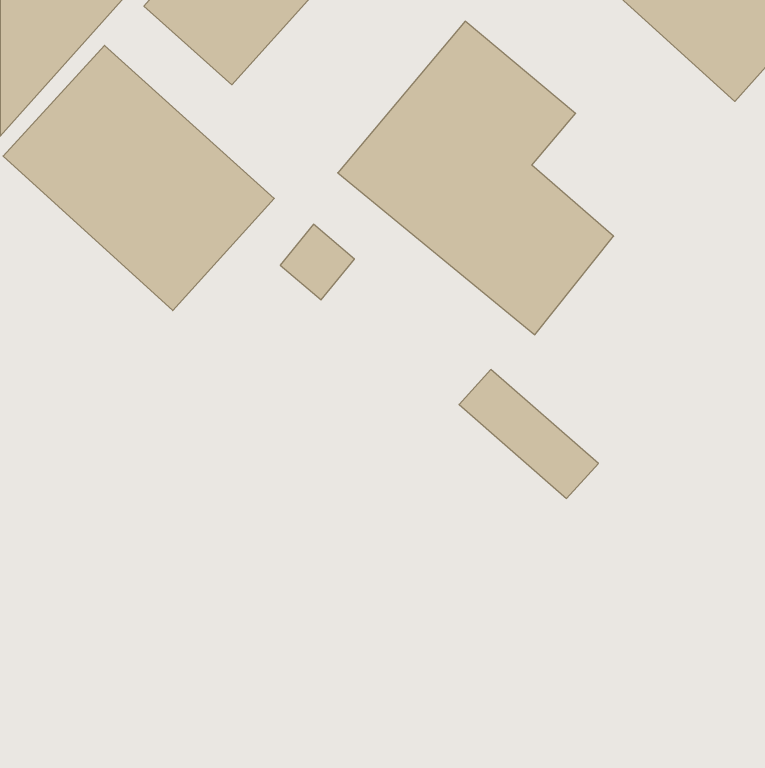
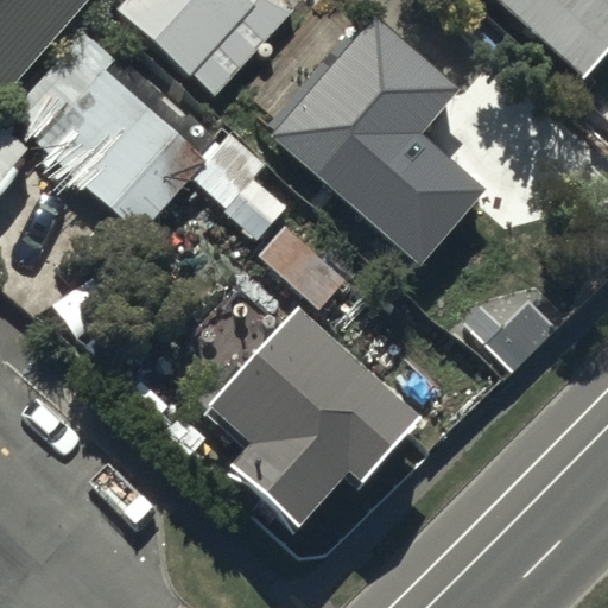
building: none -> [198,310,416,538]

